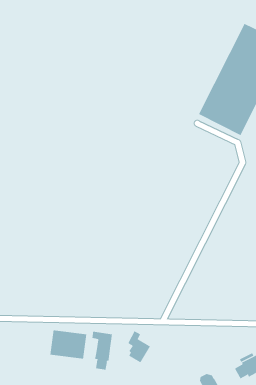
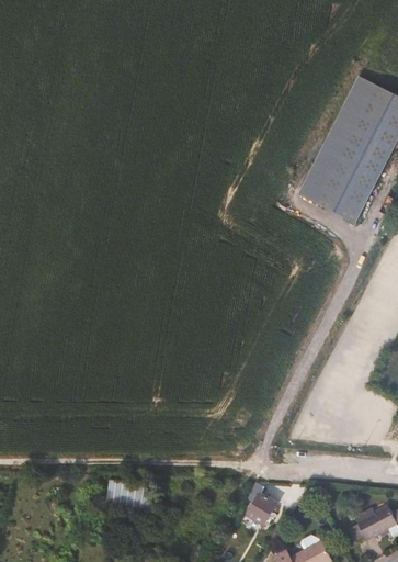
building: [128,331,151,363] -> [246,482,276,525]
building: [92,331,112,370] -> none

